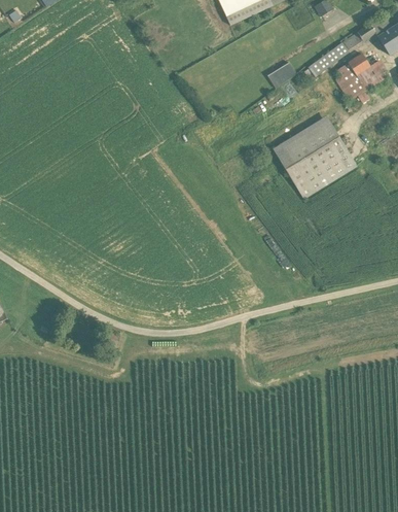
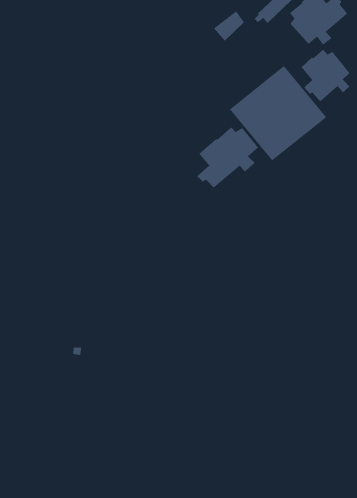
building: none -> [301,49,350,102]
building: none -> [196,127,259,188]

